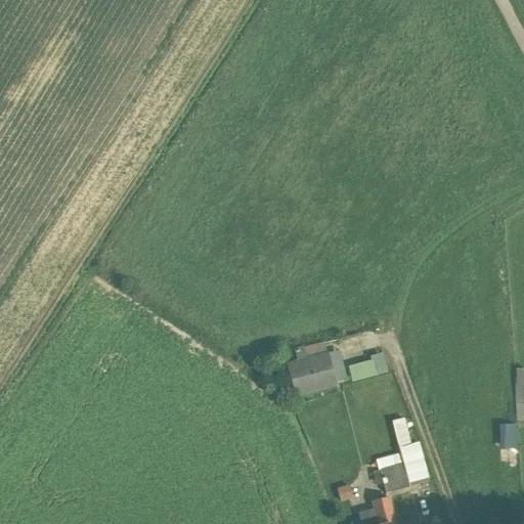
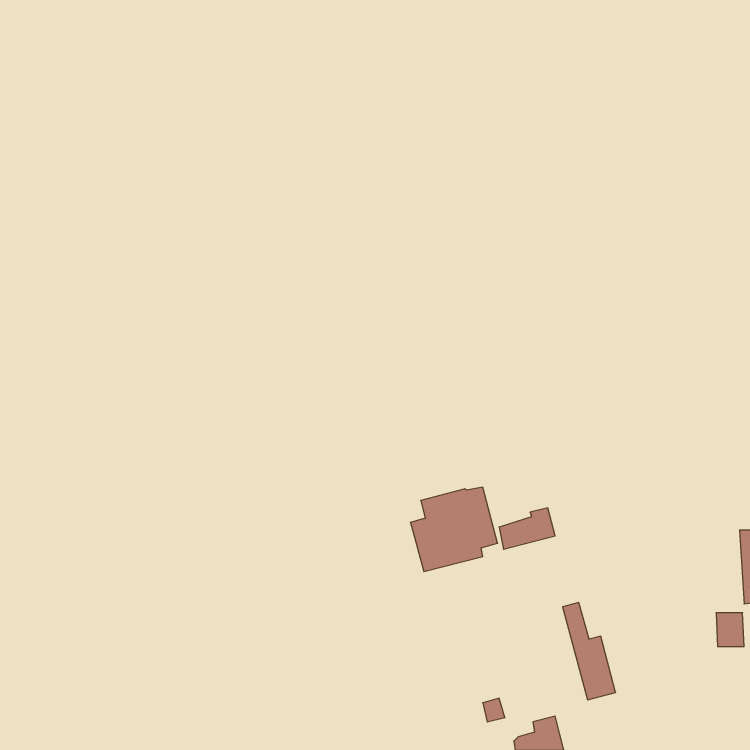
building: [374,446,410,492] -> none

